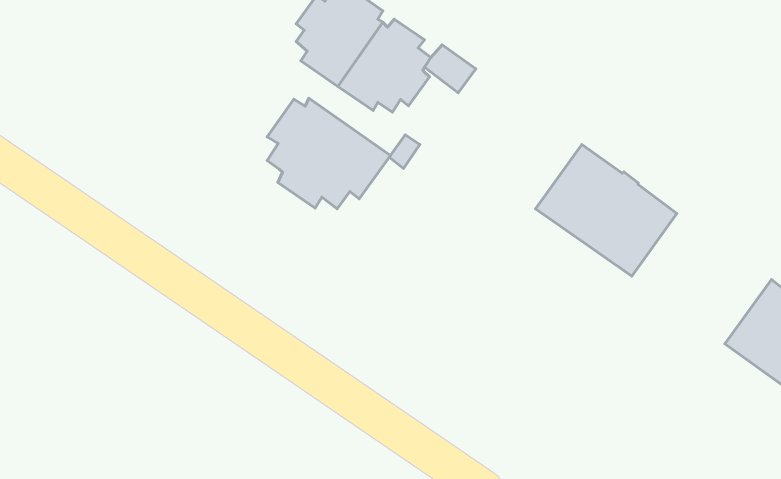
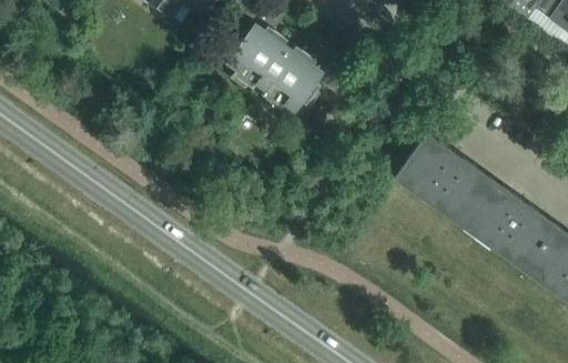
building: [267,98,390,209] -> none
building: none -> [459,179,556,269]

